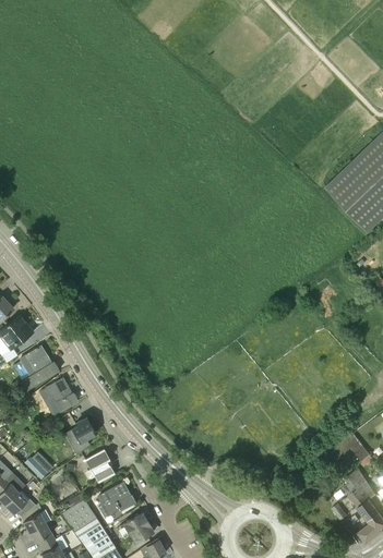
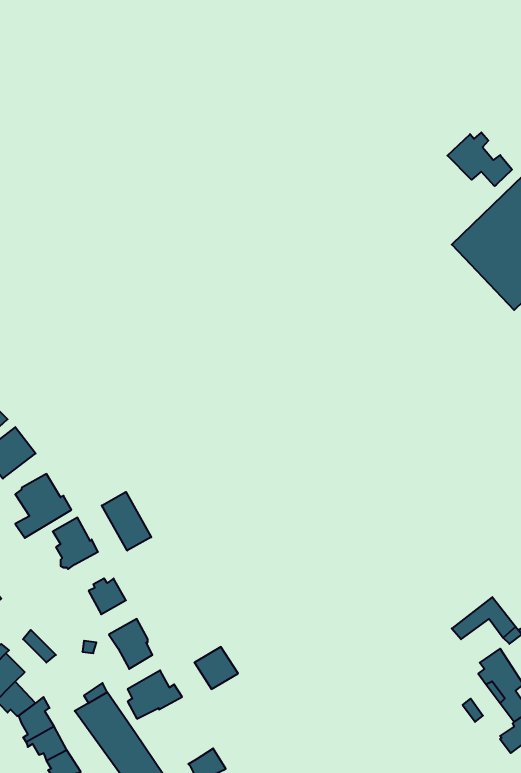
building: none -> [447,132,512,186]
building: none -> [102,492,151,551]
building: [123,514,154,544] -> [194,647,238,689]

